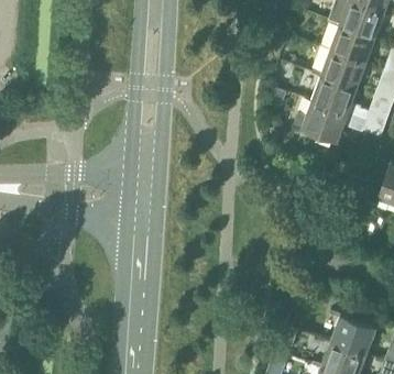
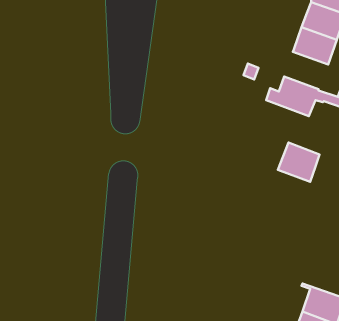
building: [313,74,358,112] -> none
building: none -> [278,142,319,182]

